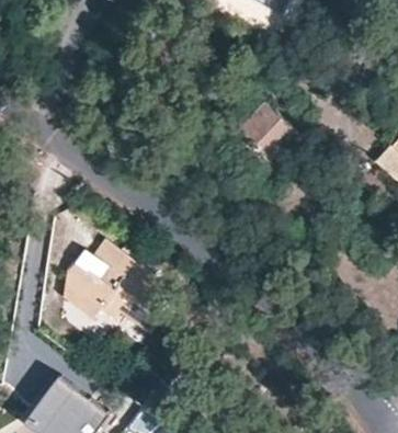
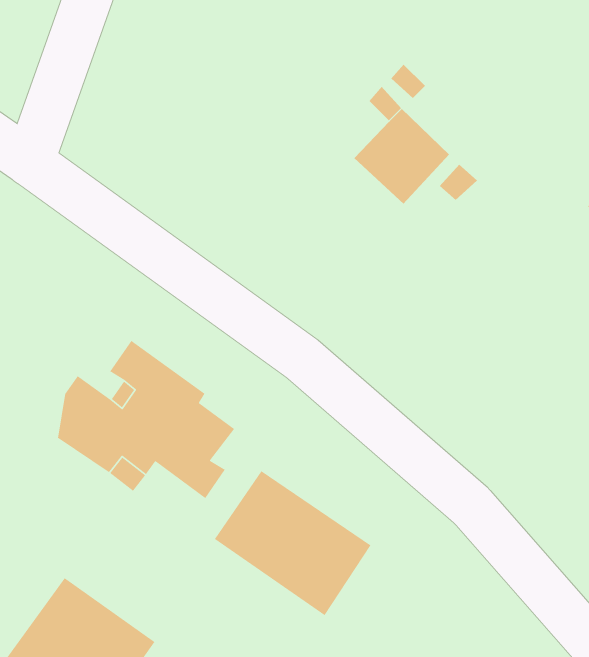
building: none -> [214,470,371,616]

